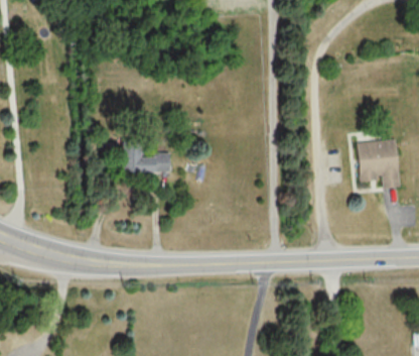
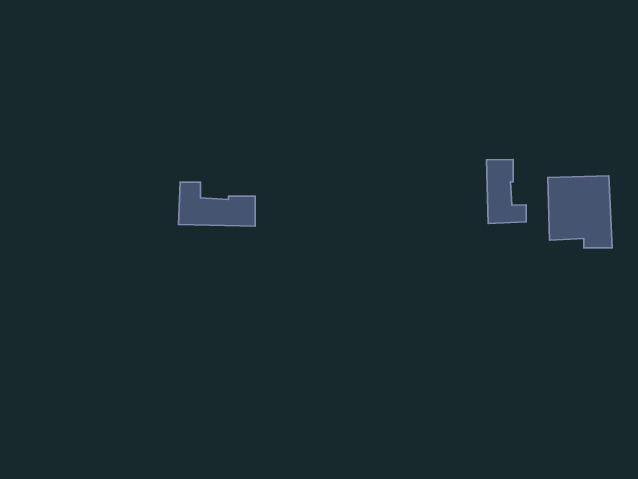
building: none -> [486,160,526,223]

